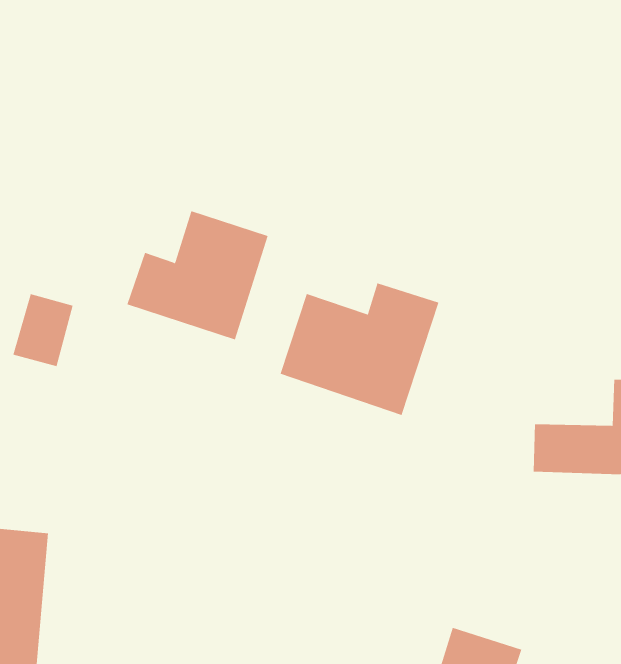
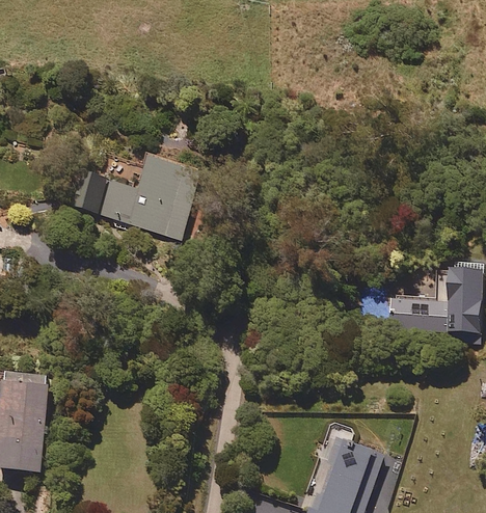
building: [280,282,439,416] -> none
building: [12,294,74,367] -> [70,162,112,213]

